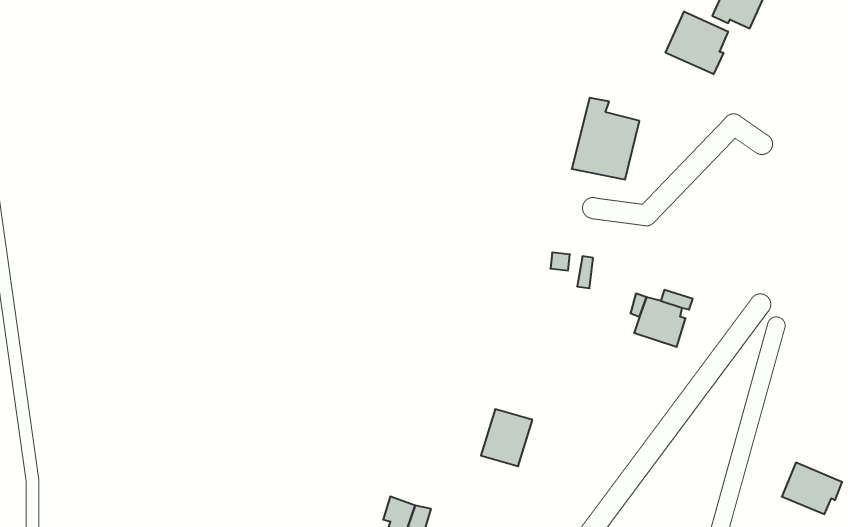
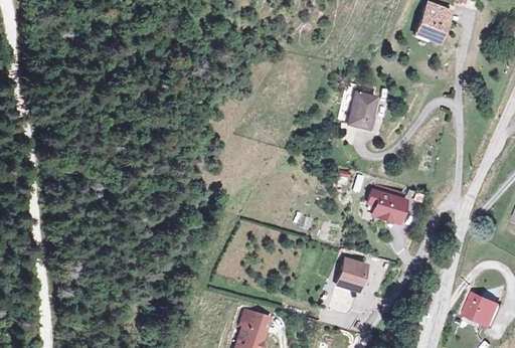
building: [666,11,728,74] -> none
building: [481,409,532,466] -> [331,256,360,289]

